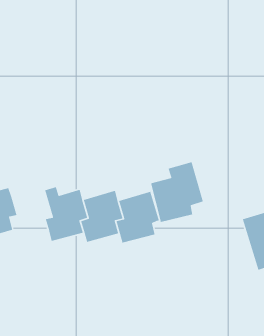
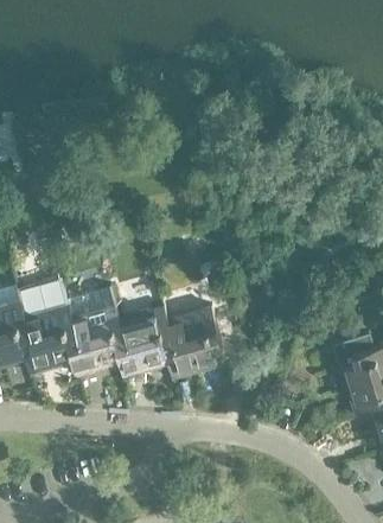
building: [150,161,204,223] -> none
building: none -> [21,279,82,374]

